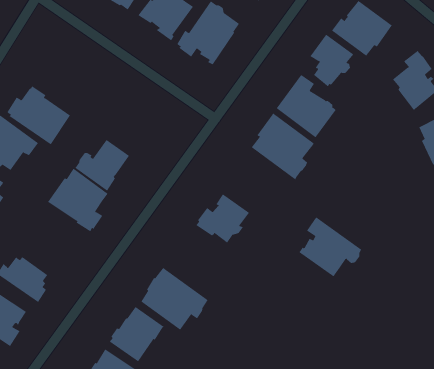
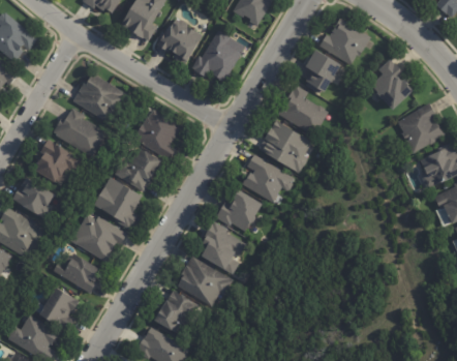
building: none -> [71,71,126,121]
building: none -> [132,109,180,161]
building: none -> [69,215,128,264]
building: [298,216,362,277] -> [241,153,294,203]
building: none -> [199,221,245,275]

